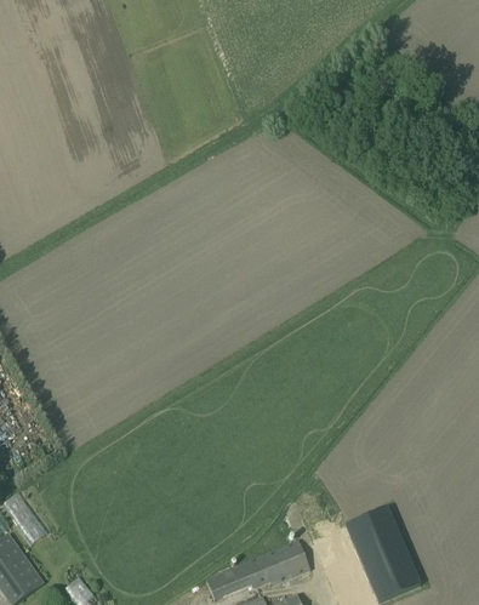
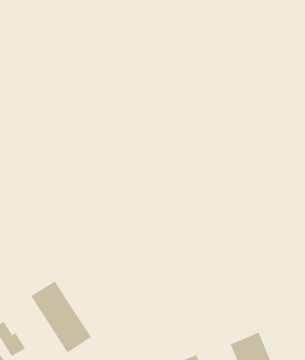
building: none -> [31,280,92,353]

